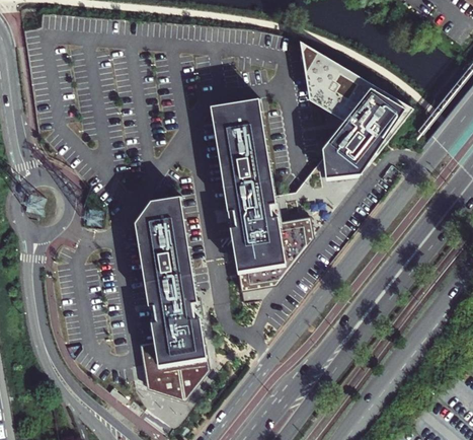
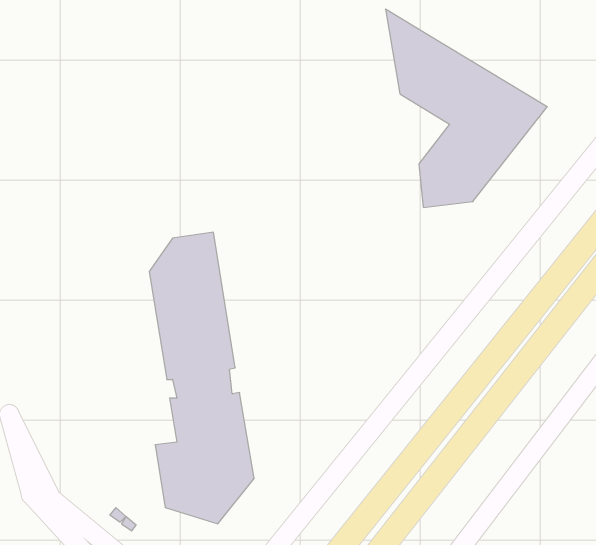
building: [210,99,312,290] -> none

